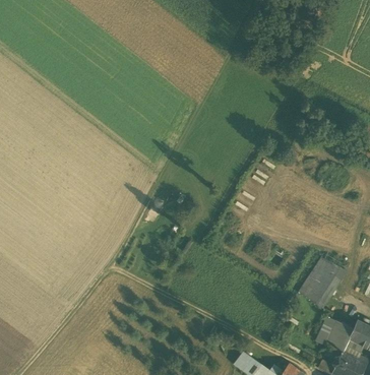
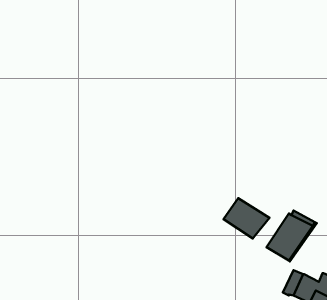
building: none -> [223,198,270,239]

